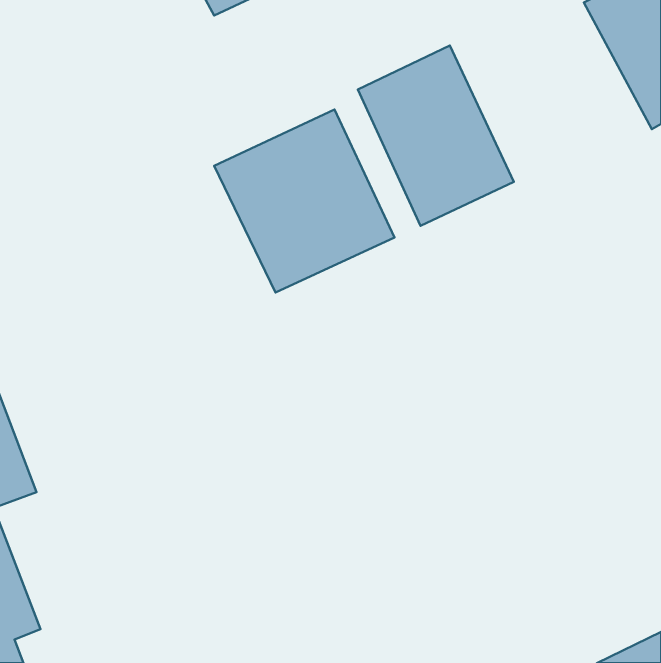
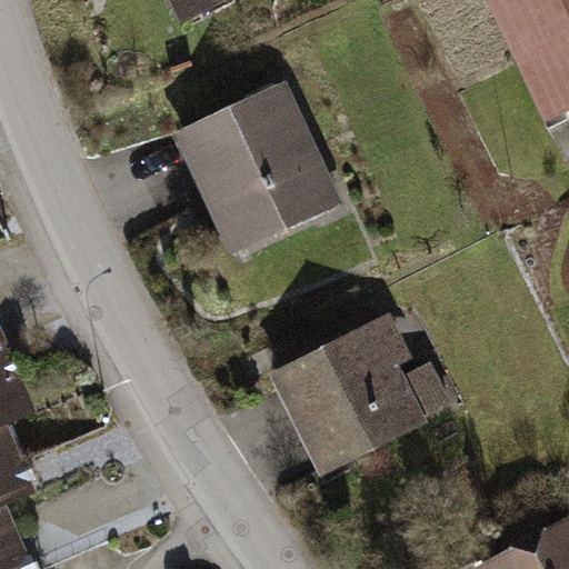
building: [358,46,514,226] -> none
building: none -> [272,322,419,462]

